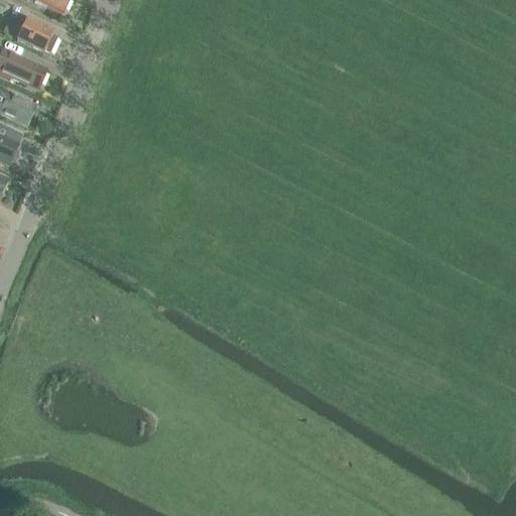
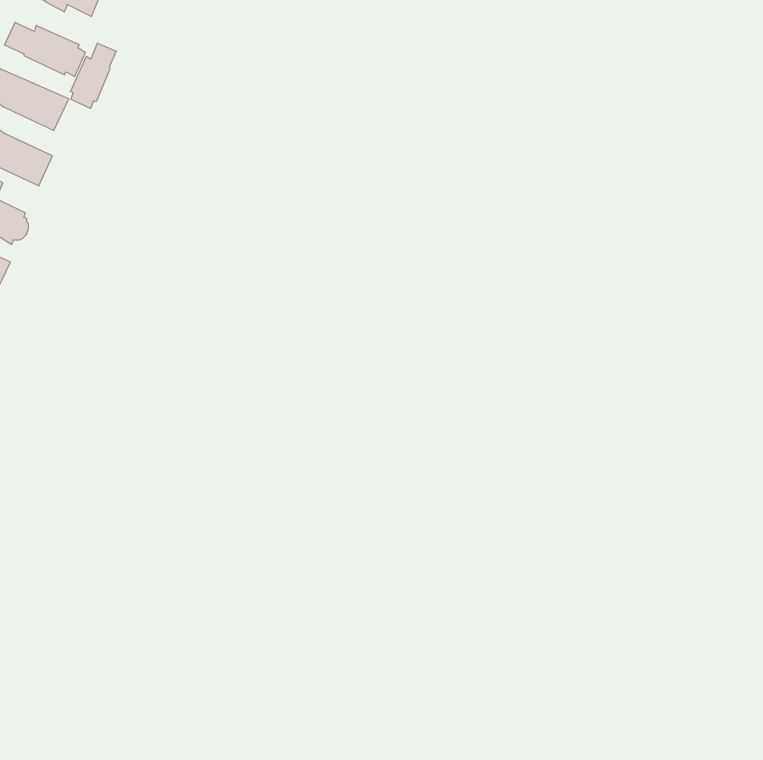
building: none -> [71,43,116,108]

